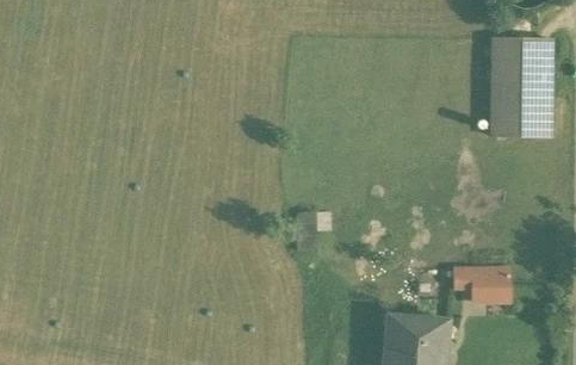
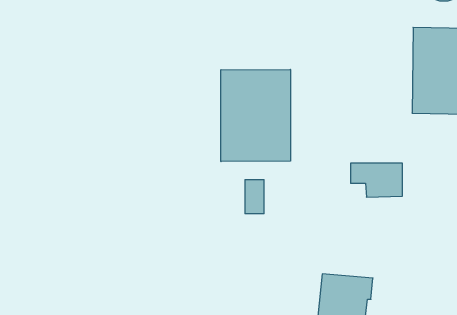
building: none -> [221,69,290,162]
building: [454,267,513,305] -> [351,163,402,197]

